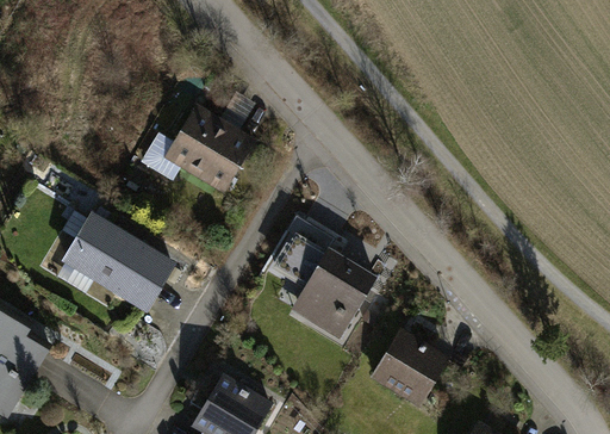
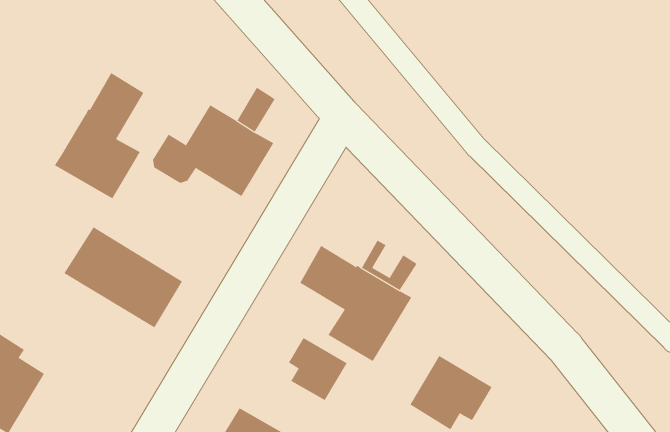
building: none -> [54,72,144,199]
building: none -> [288,337,347,401]

